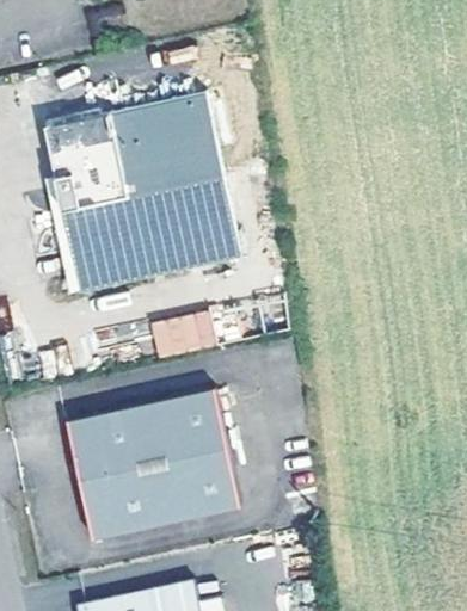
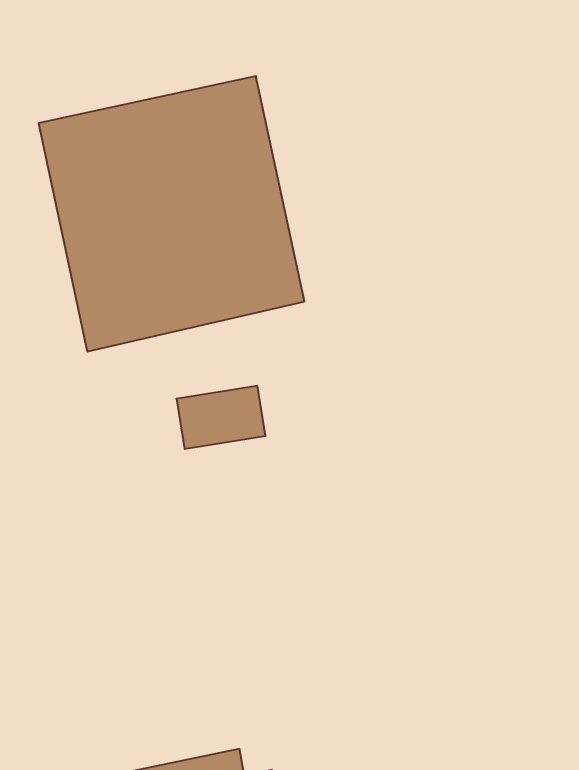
building: [64,389,240,539] -> none

